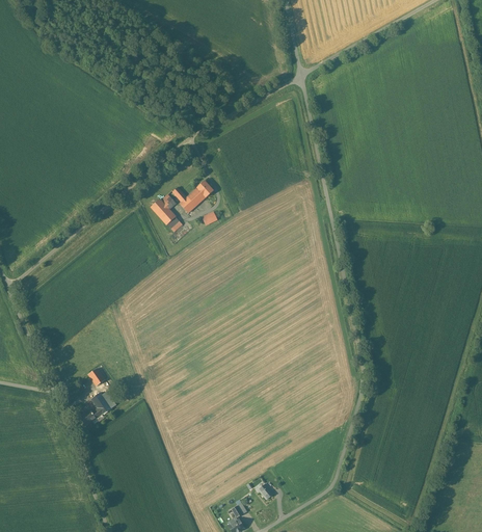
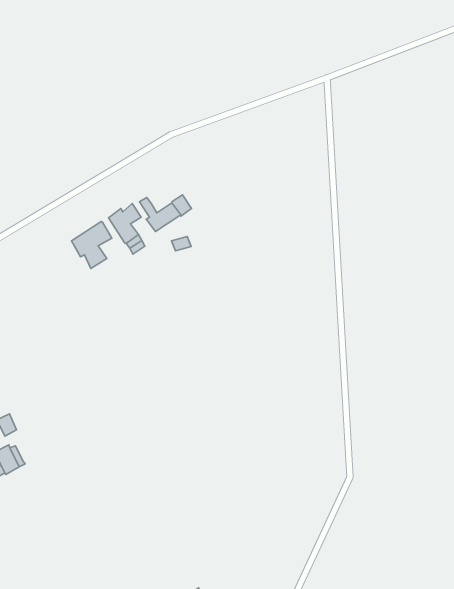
building: none -> [71,222,112,268]

